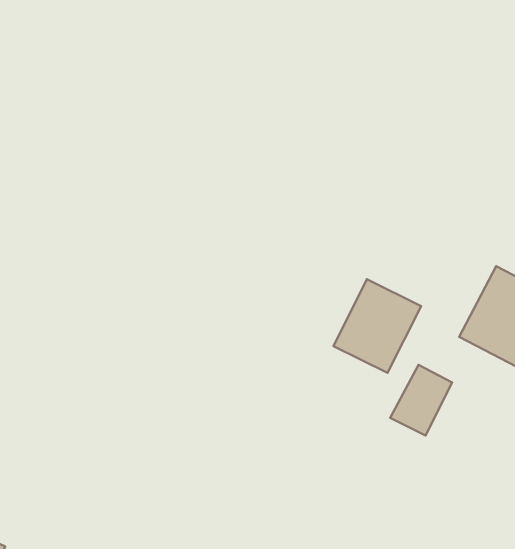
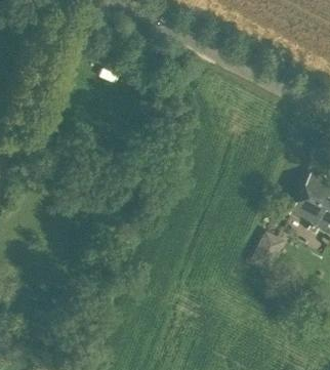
building: [333,279,421,373] -> none

